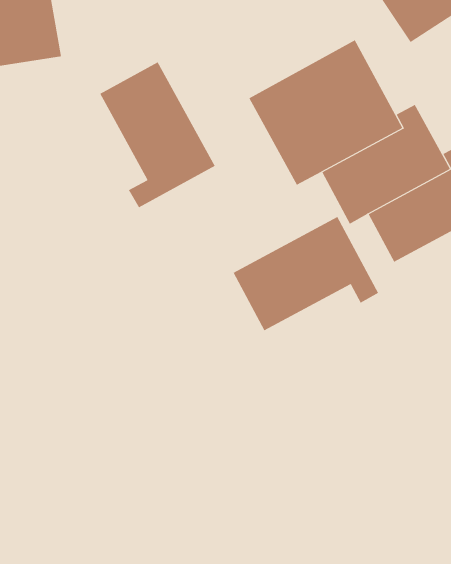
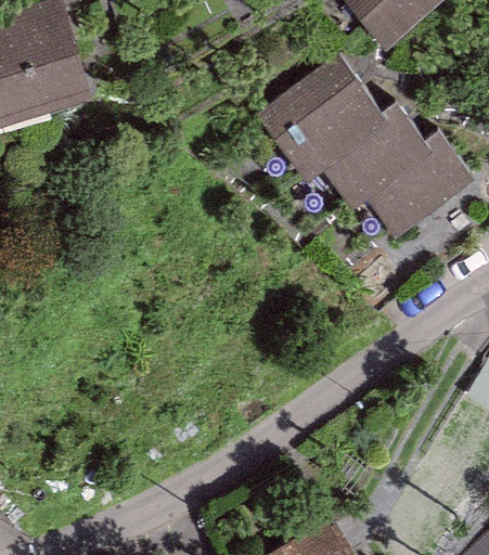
building: [100,61,216,208] -> none
building: [233,216,379,331] -> none

